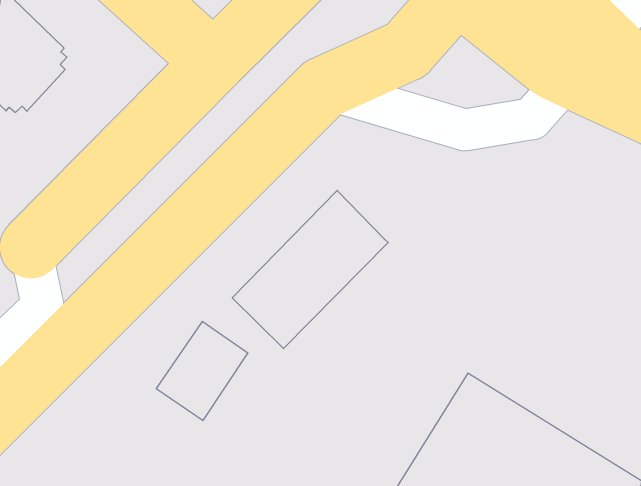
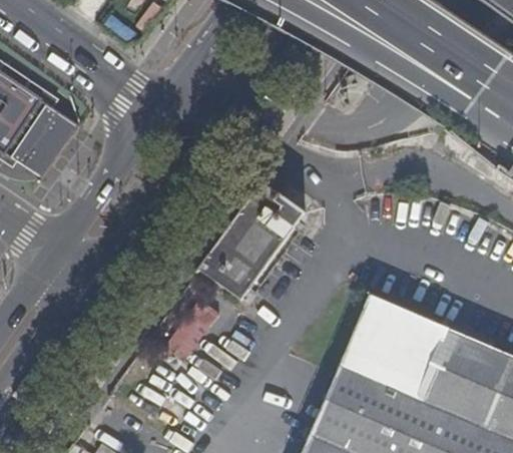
building: none -> [16,109,75,177]

